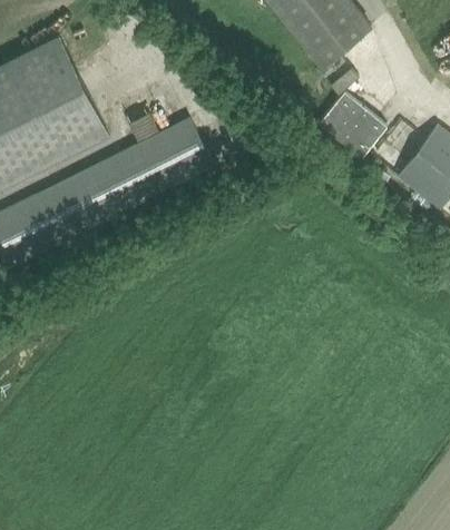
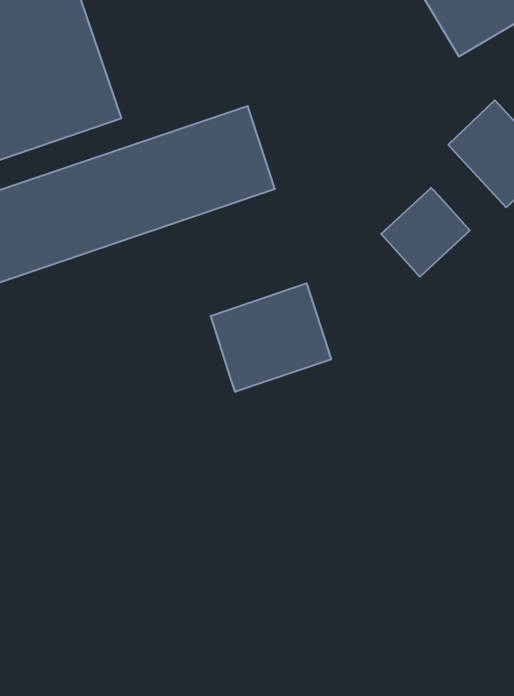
building: none -> [381,188,470,277]
building: none -> [211,283,331,392]

